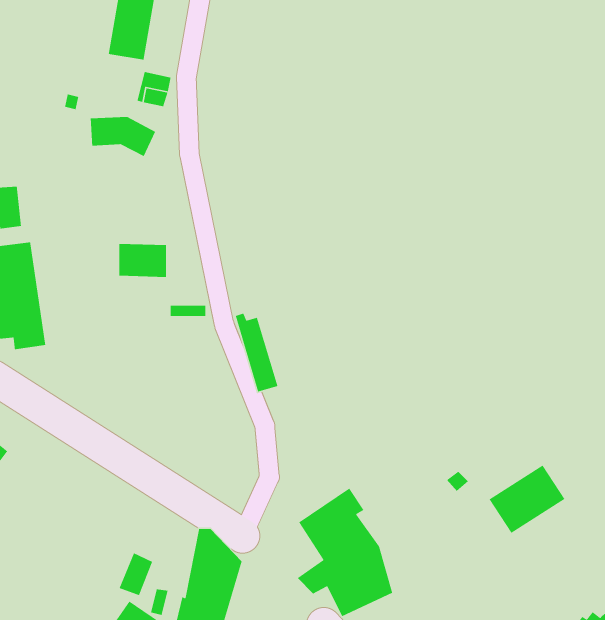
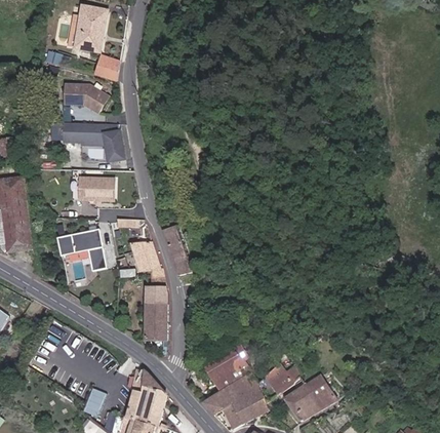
building: none -> [61,125,118,162]
building: none -> [55,232,106,274]
building: none -> [130,241,167,340]
building: [489,465,566,534] -> [285,373,337,421]
building: none -> [265,363,303,393]

